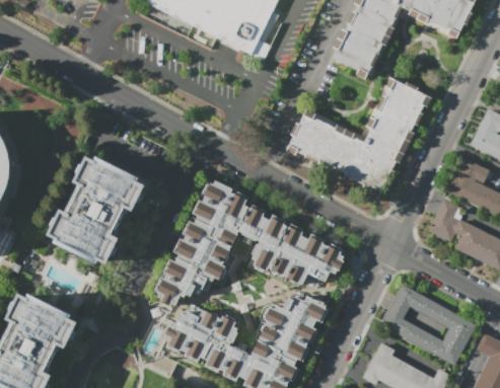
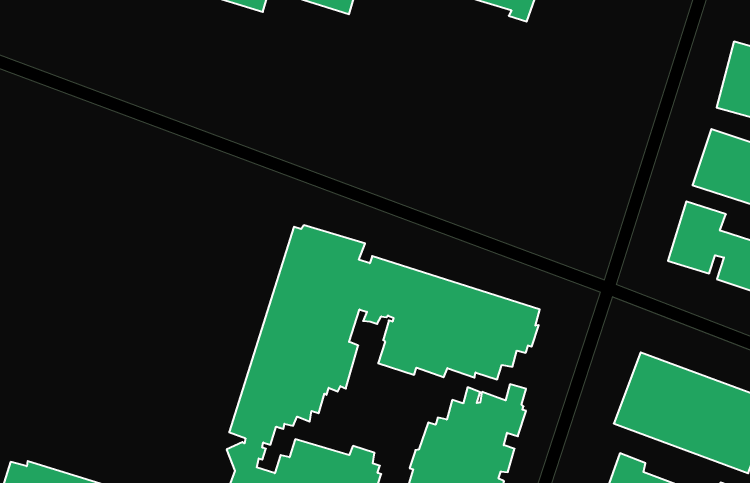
building: [282,77,432,195] -> none
building: [47,155,147,263] -> none

